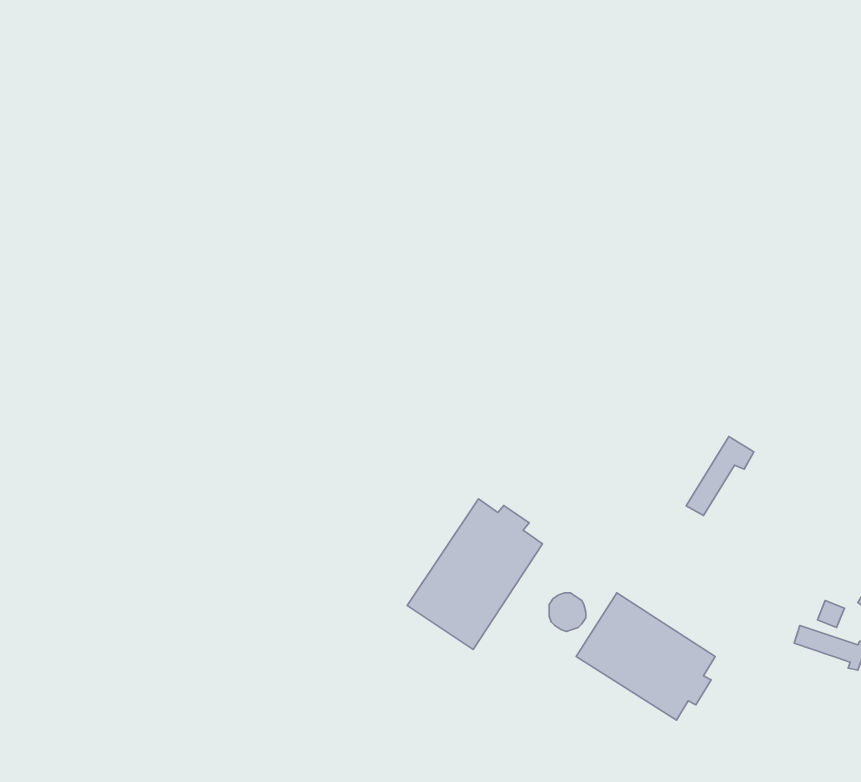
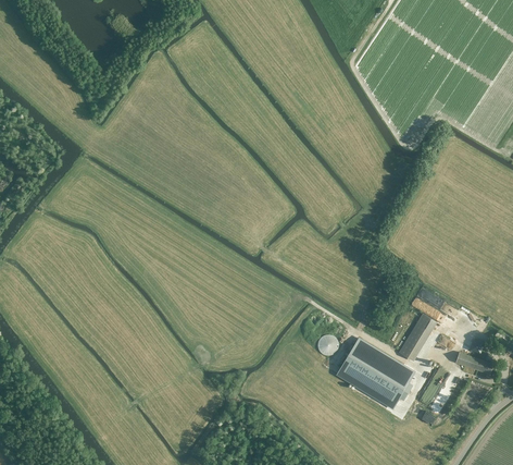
building: [686,436,754,515] -> [399,316,437,360]
building: [407,499,543,649] -> none

